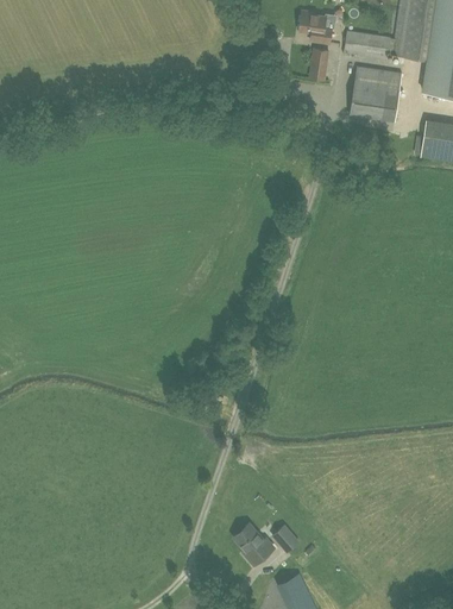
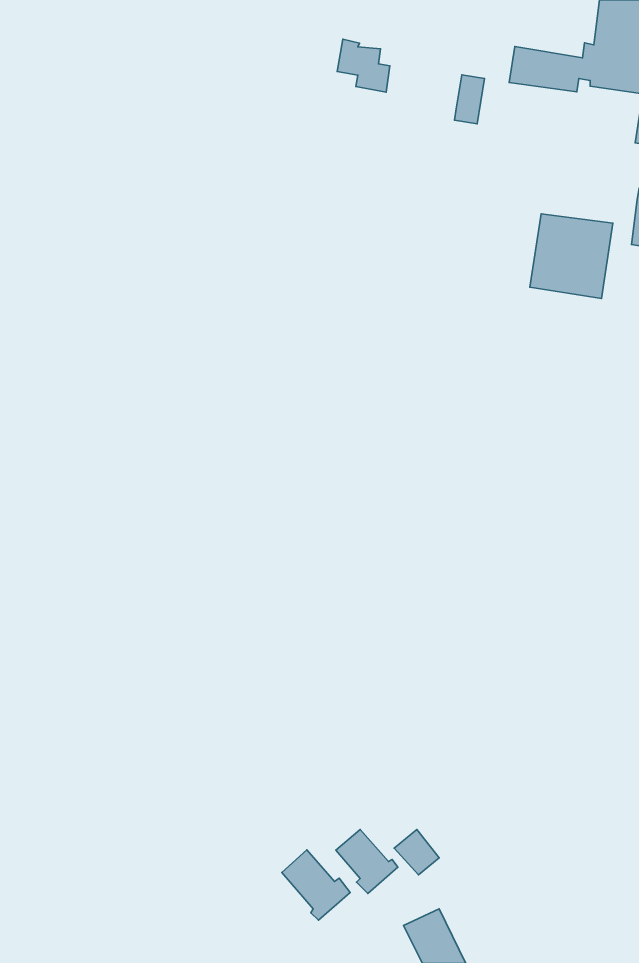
building: [298,10,332,43] -> [337,39,390,92]
building: [350,67,402,120] -> [530,214,613,299]
building: none -> [282,850,350,920]

